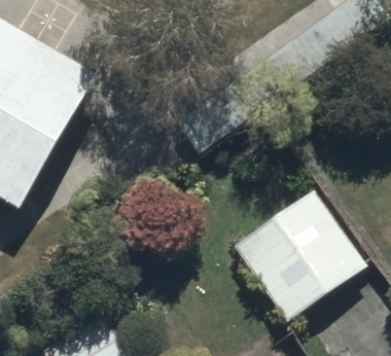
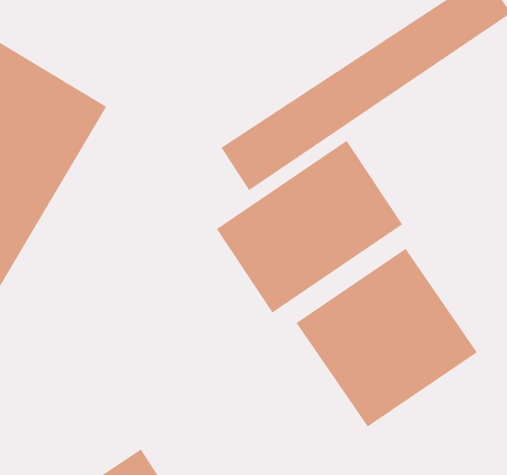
building: none -> [216,140,403,313]

